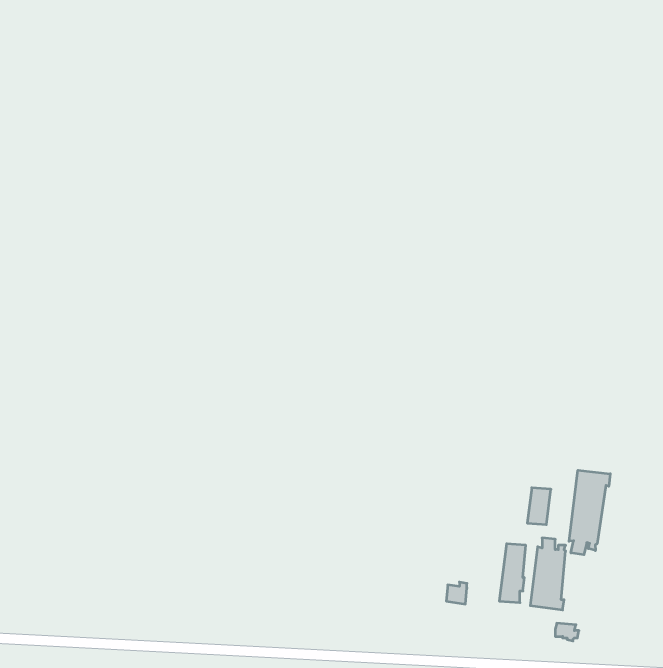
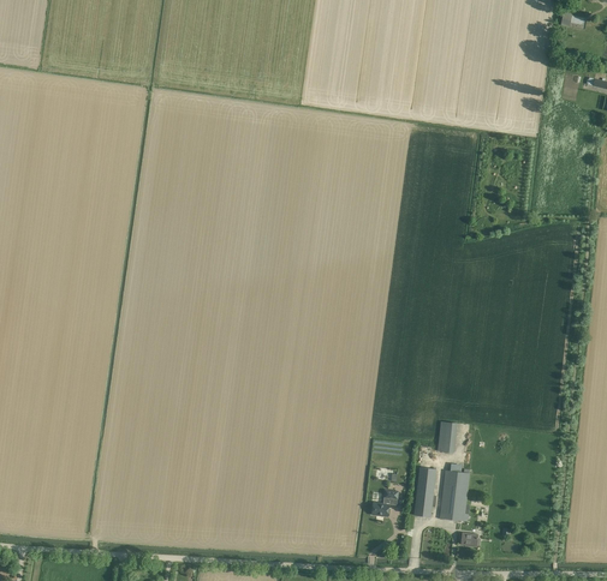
building: [569,470,610,555] -> none

